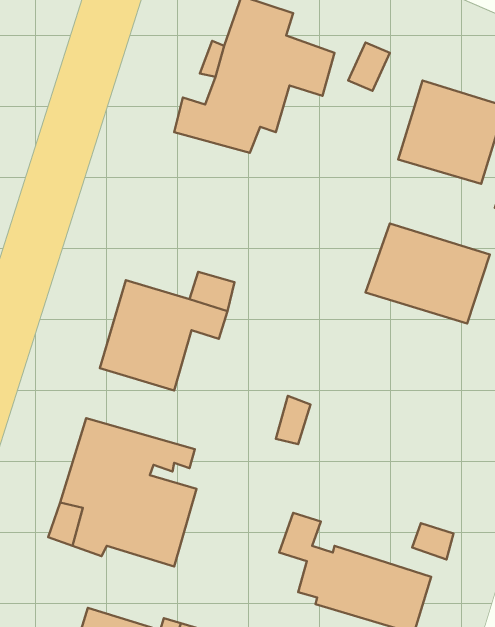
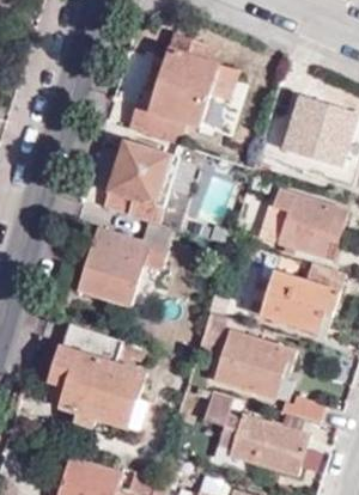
building: none -> [101,141,170,222]
building: none -> [258,263,343,331]
building: none -> [212,329,294,395]

